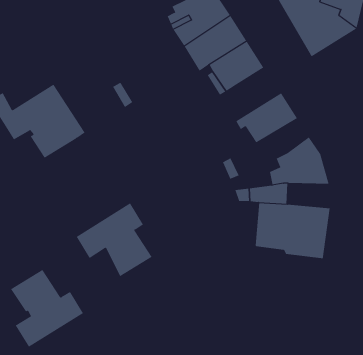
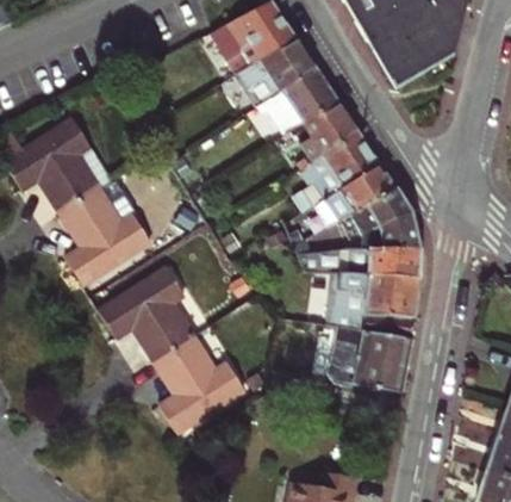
building: none -> [293,99,355,166]
building: none -> [310,162,390,223]
building: none -> [60,187,150,285]
building: none -> [362,243,416,274]
building: none -> [316,322,407,411]
building: [10,269,84,348] -> [154,335,245,433]

